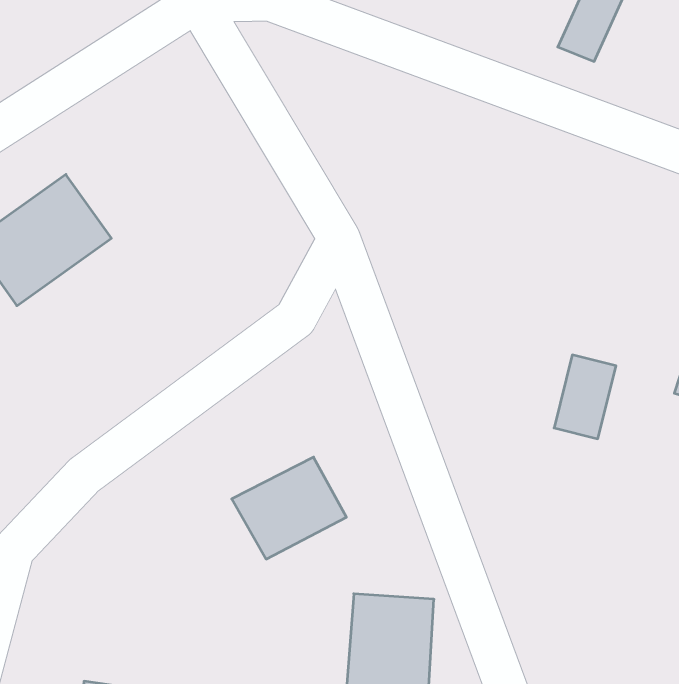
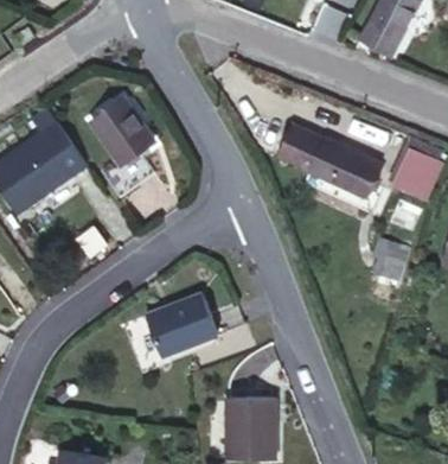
building: none -> [100,93,154,185]
building: none -> [283,131,385,201]
building: none -> [392,151,440,199]

